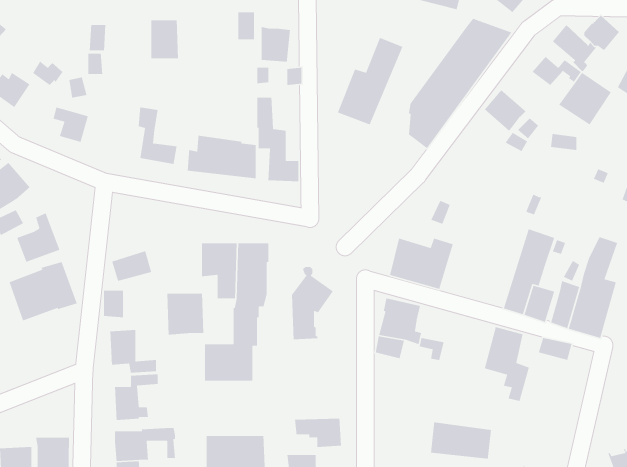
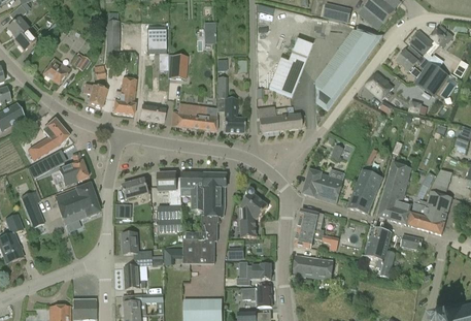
building: [261,26,291,63] -> [168,54,188,77]
building: none -> [112,77,136,116]
building: none -> [258,106,301,133]
building: none -> [347,169,382,213]
building: none -> [158,172,181,205]
building: none -> [236,264,271,285]
building: [430,422,492,460] -> [293,255,333,280]

